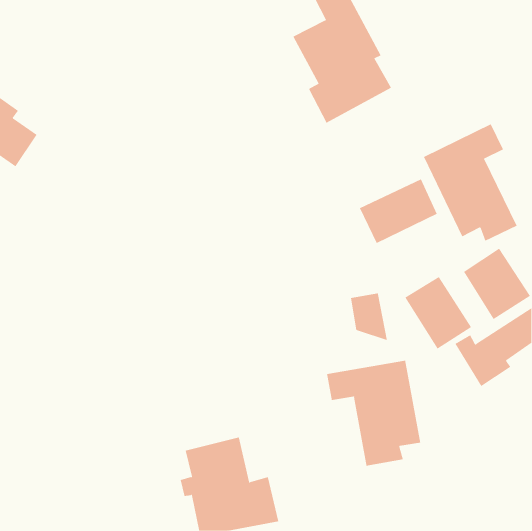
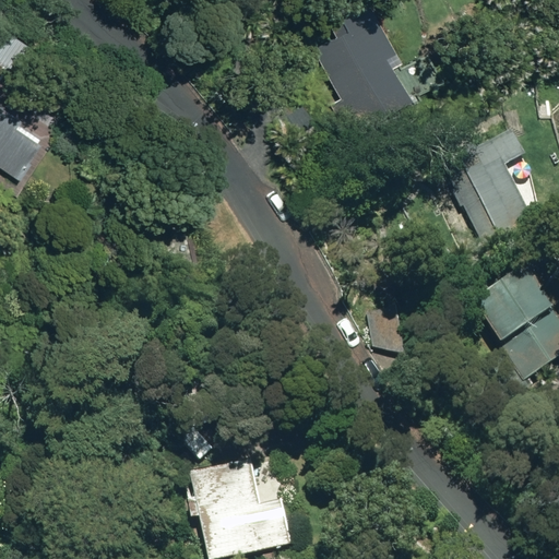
building: [359,179,438,244] -> none
building: [405,276,472,349] -> none
building: [327,360,421,467] -> none

